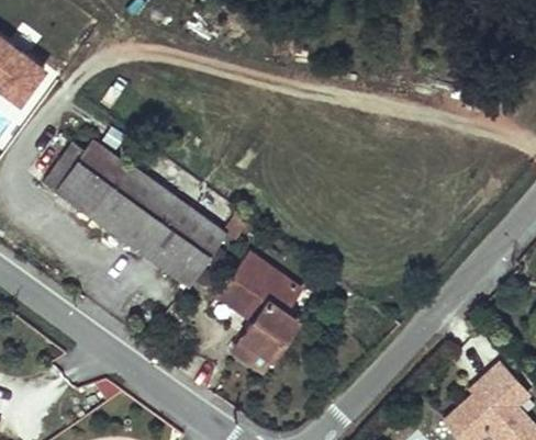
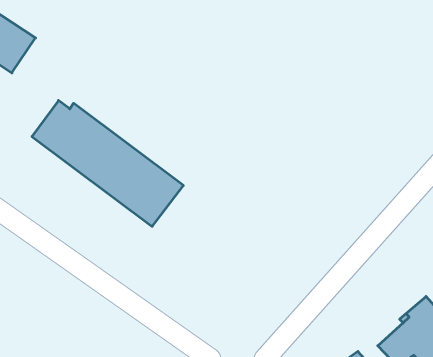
building: [221,260,299,360] -> none

